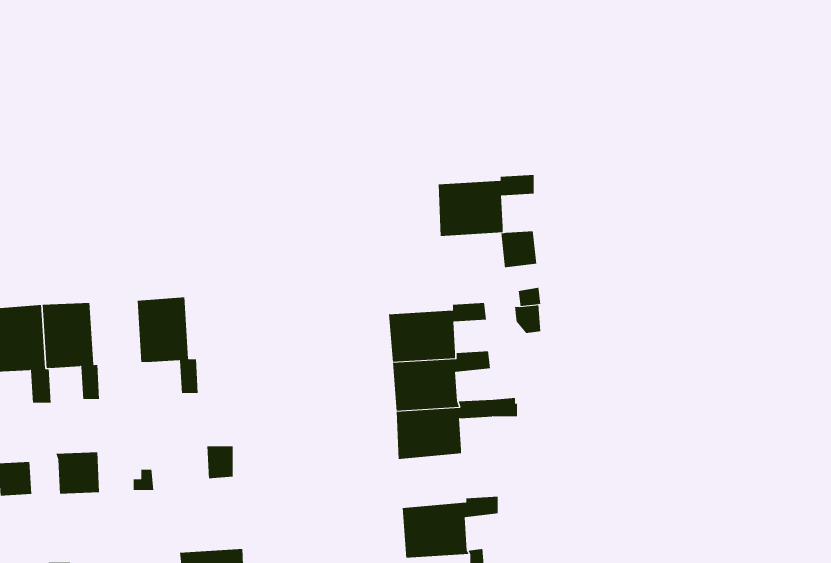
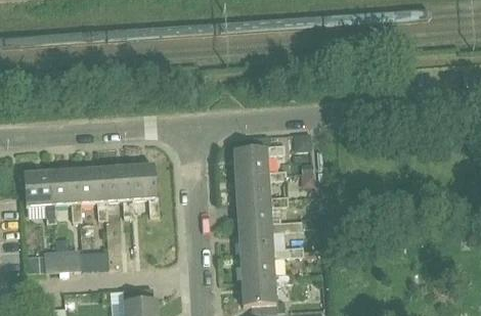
building: [438,175,535,237] -> [232,141,283,174]
building: none -> [126,163,159,214]
building: none -> [76,167,106,218]
building: none -> [238,243,304,276]

